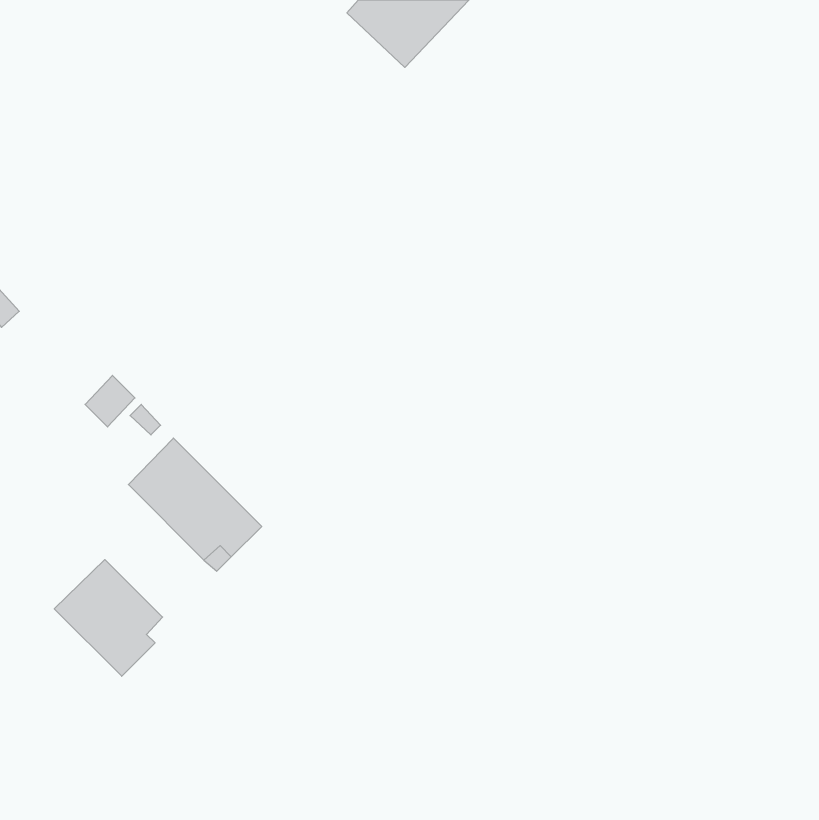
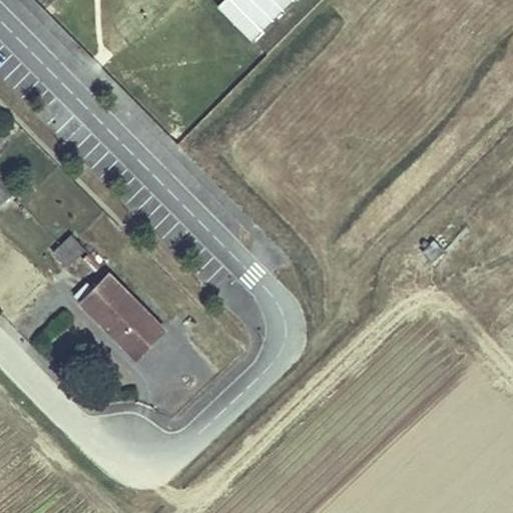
building: [54,560,163,676] -> none

